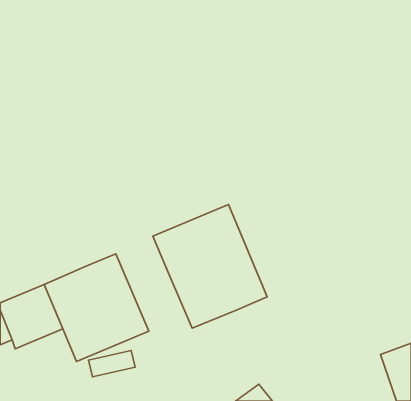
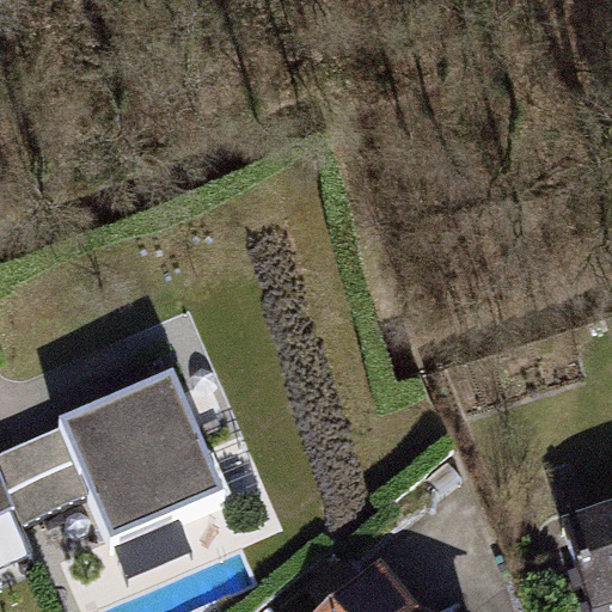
building: [153,204,267,328] -> none

